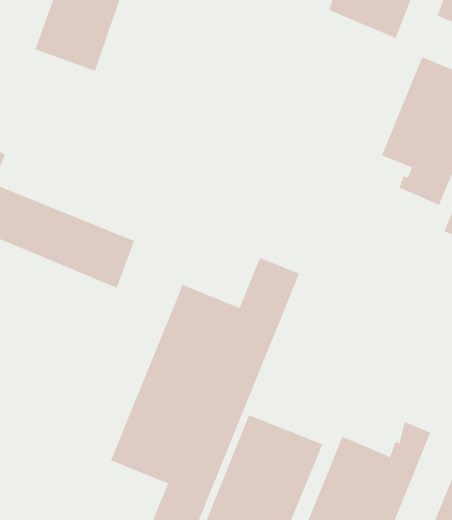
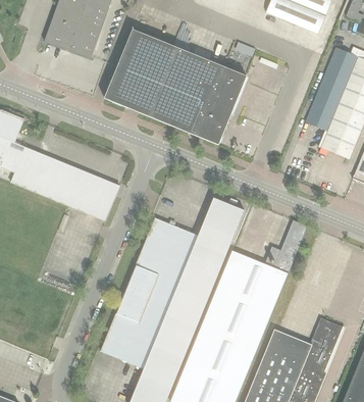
building: none -> [105,30,246,145]
building: none -> [205,219,307,338]

